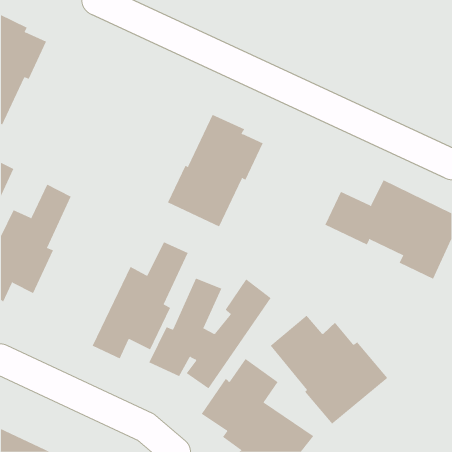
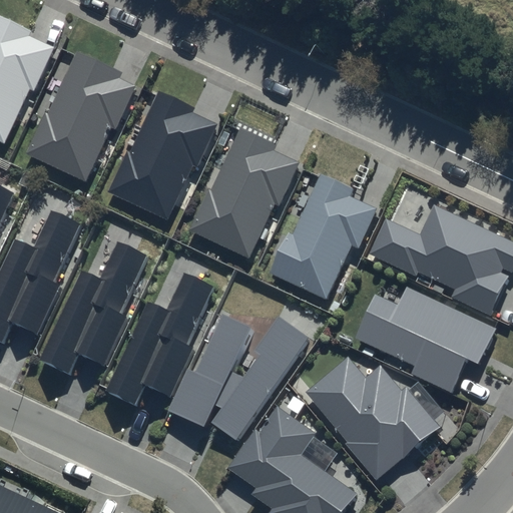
building: none -> [25,52,135,180]
building: none -> [108,90,217,218]
building: none -> [270,173,376,299]
building: none -> [40,241,149,375]
building: none -> [355,287,497,393]

